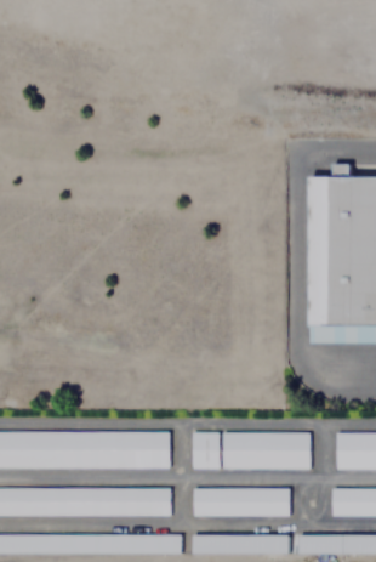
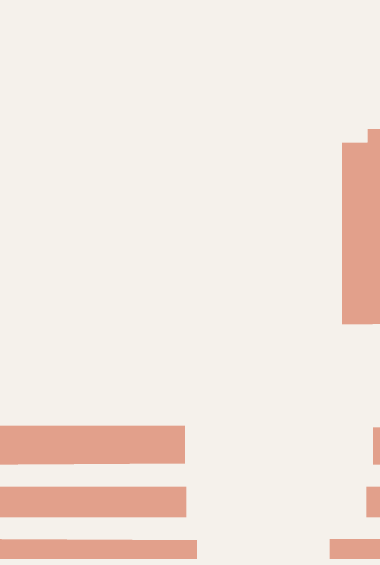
building: [192,433,311,470] -> none
building: [193,488,290,517] -> none
building: [192,535,289,554] -> none

